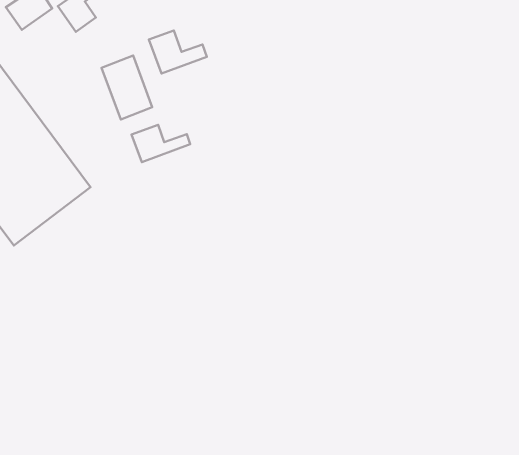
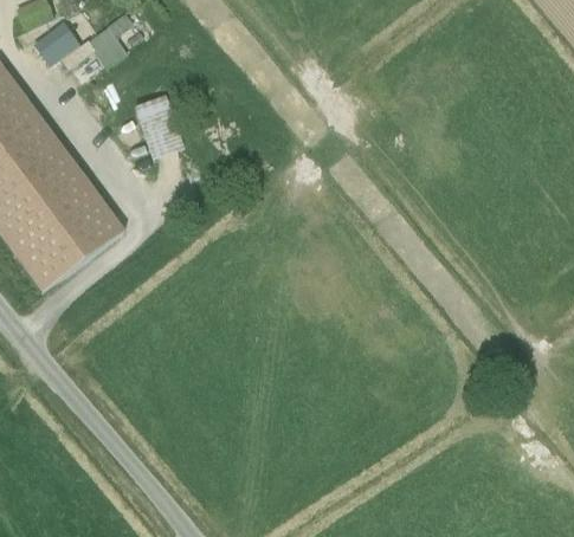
building: [149,31,207,74] -> none
building: [131,125,190,162] -> none

